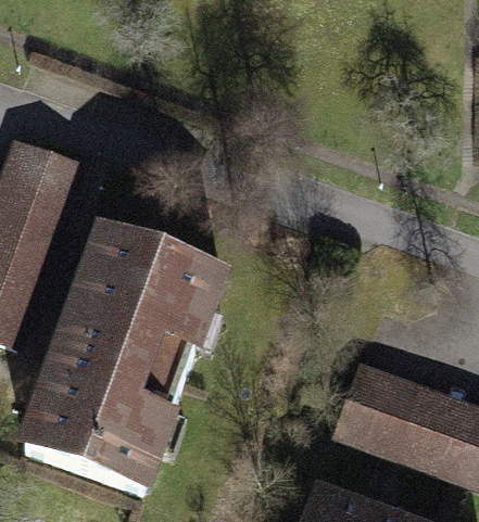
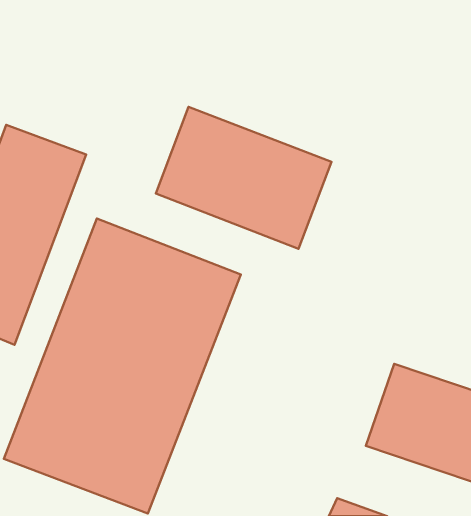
building: none -> [156,107,331,249]

